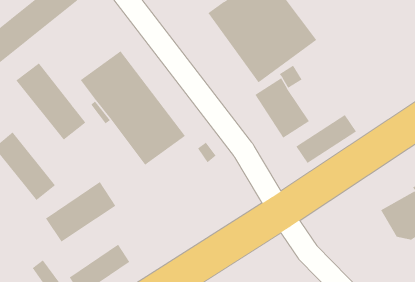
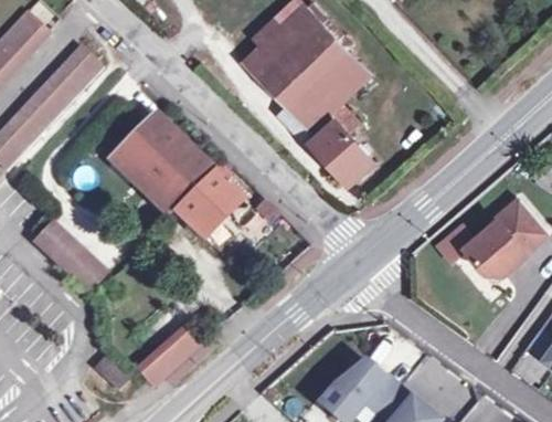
building: [16,62,86,141] -> none
building: [295,114,357,164] -> none
building: [45,181,116,242] -> none

